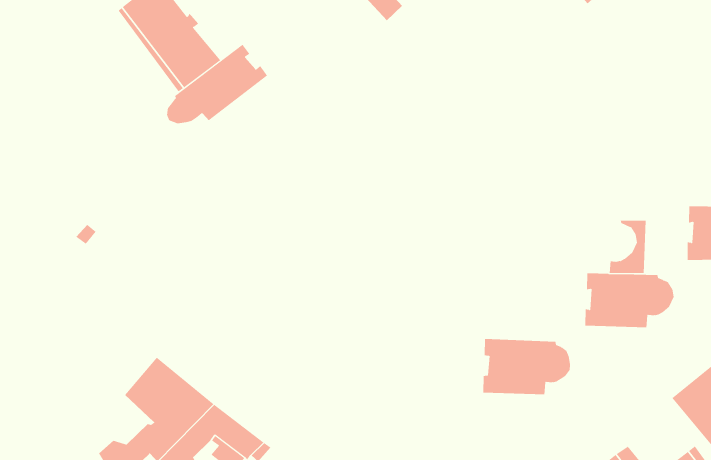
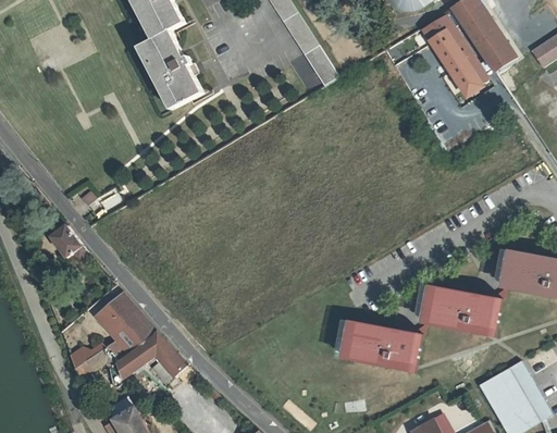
building: [167,44,268,124] -> none
building: [609,220,646,274] -> [469,295,502,335]
building: none -> [46,221,87,259]
building: none -> [389,330,421,370]

